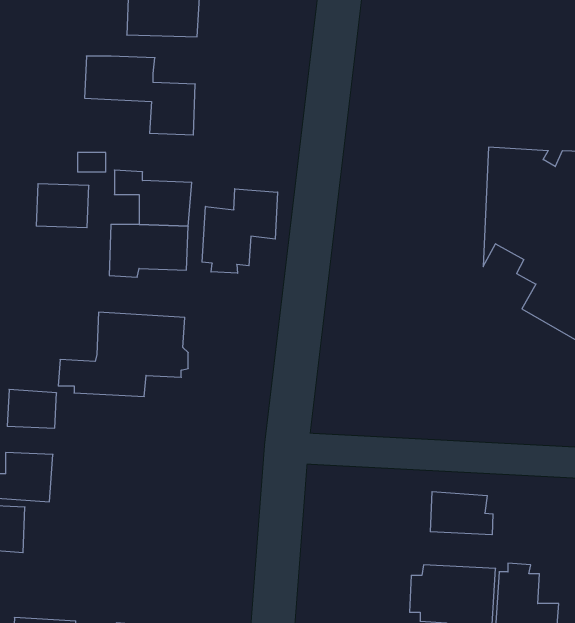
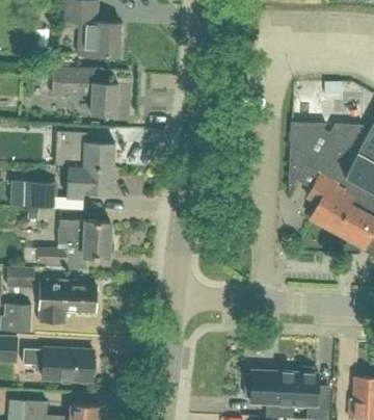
building: [36,184,89,228] -> [24,182,55,208]
building: [202,189,278,273] -> none
building: none -> [38,279,99,323]
building: [430,492,493,535] -> none
building: none -> [23,348,97,383]

